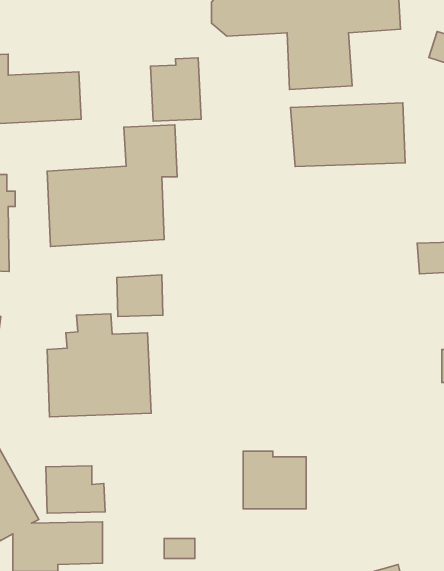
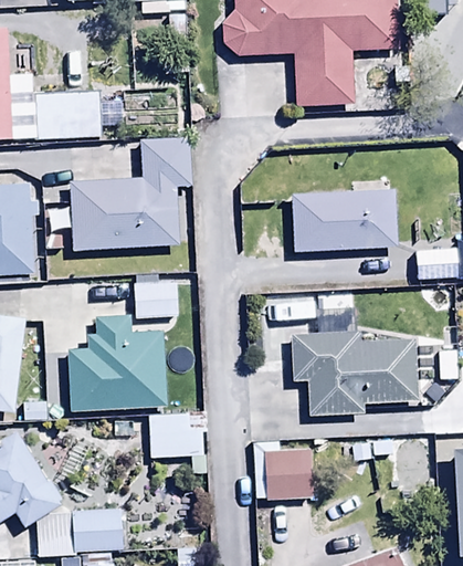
building: [151,58,201,121] -> none
building: [290,103,405,167] -> [291,189,398,249]
building: none -> [293,308,418,416]
building: [46,466,105,513] -> [149,411,204,455]

